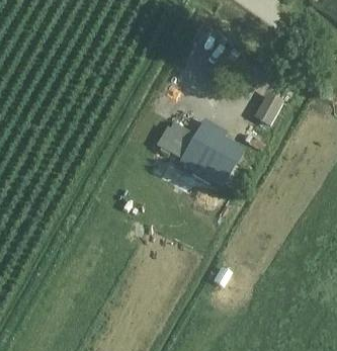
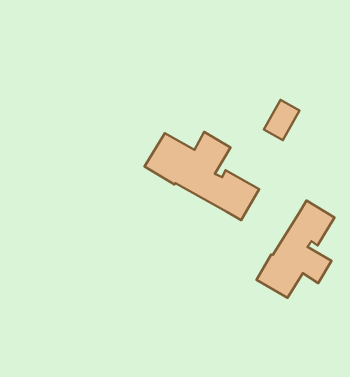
building: none -> [256,201,334,298]

